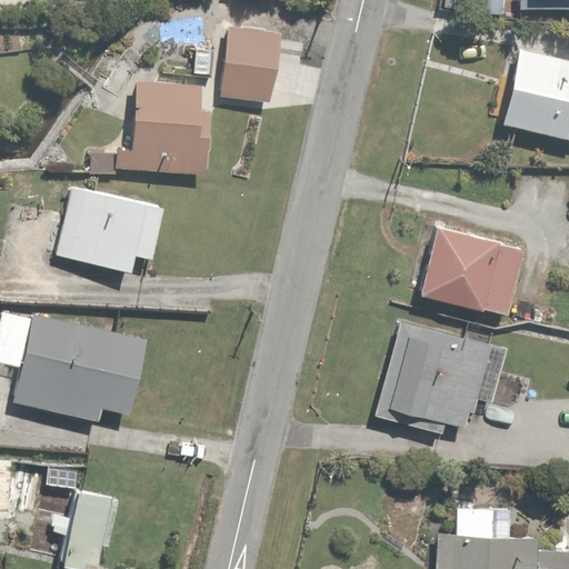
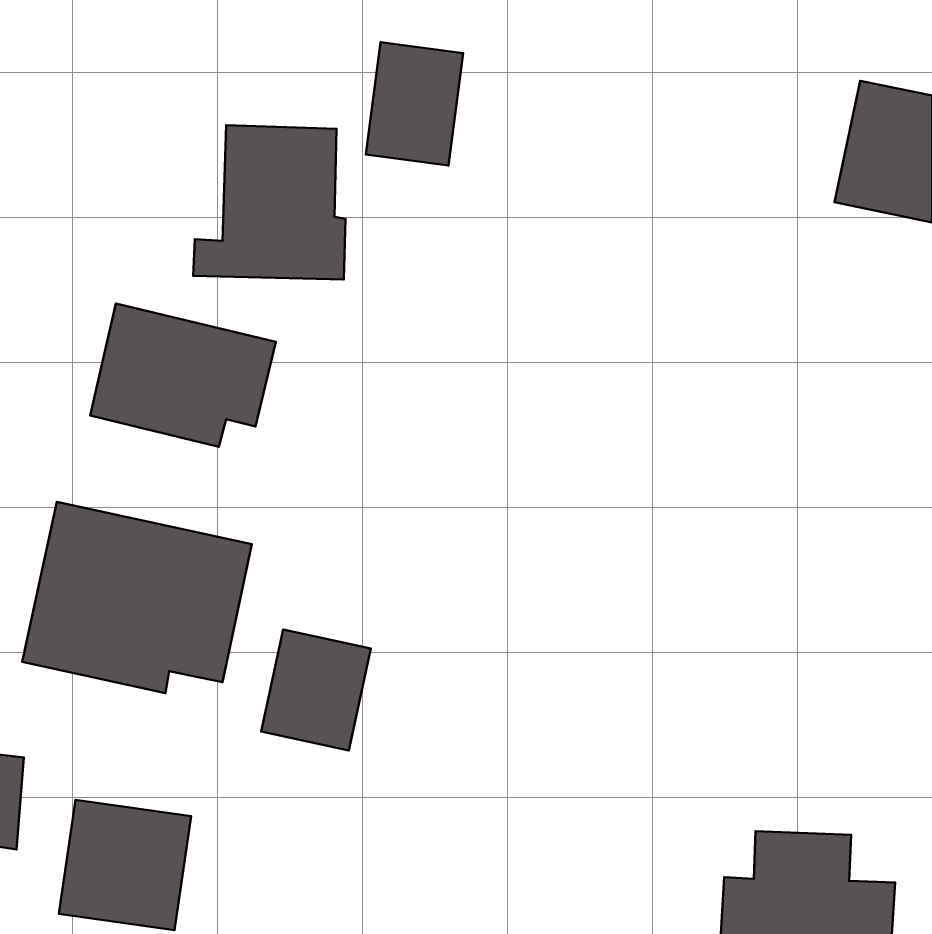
building: [420,230,522,316] -> none
building: [375,318,511,438] -> none
building: none -> [261,630,371,750]

